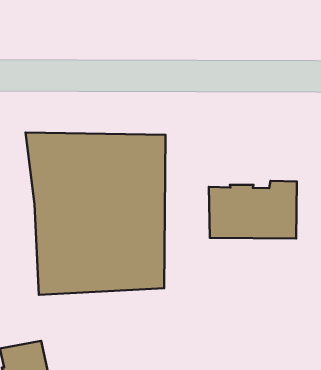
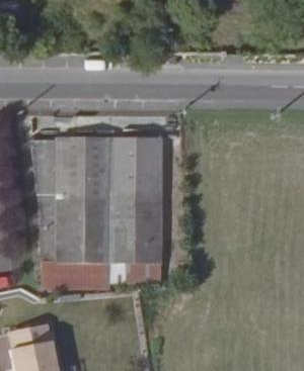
building: [209,181,297,239] -> none

